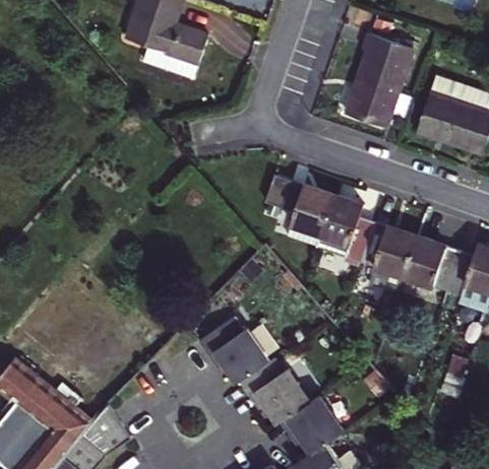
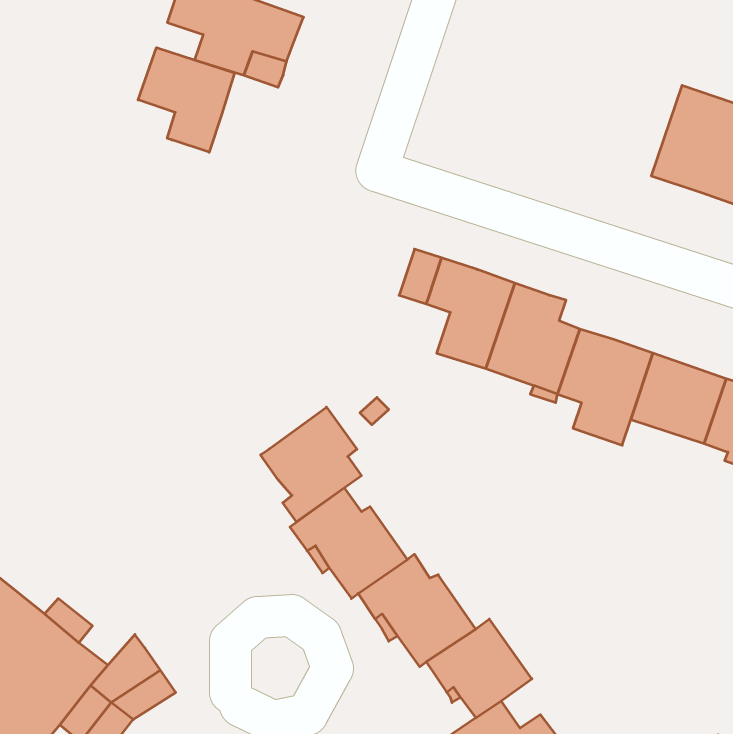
building: [347,34,412,127] -> none
building: none -> [138,48,234,152]
building: none -> [261,407,361,522]

